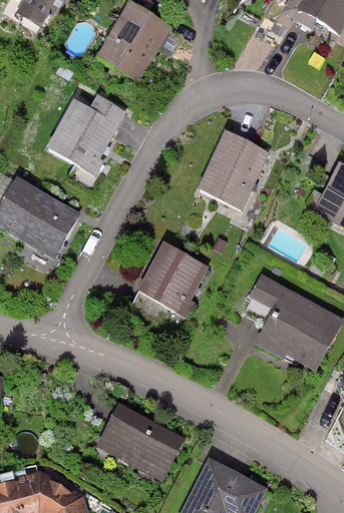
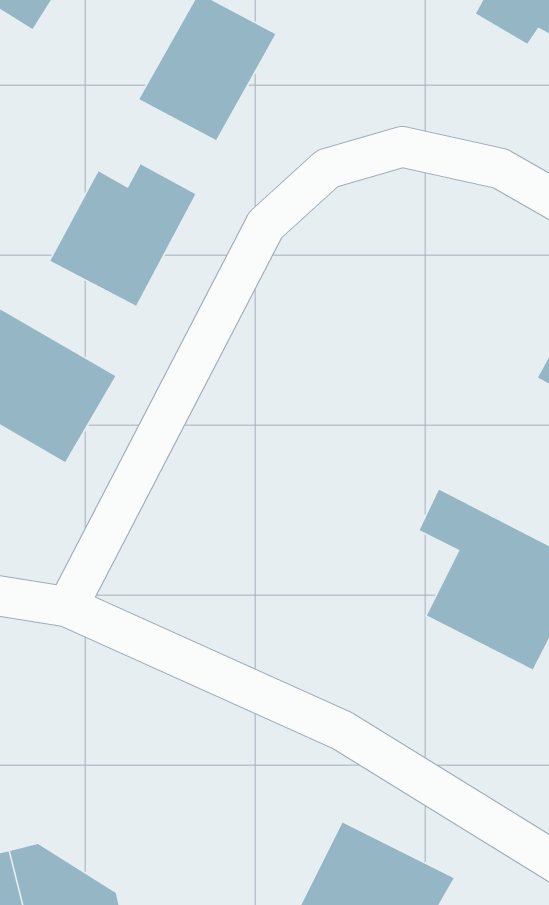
building: [197,131,268,209] -> none
building: [136,242,213,319] -> none
building: [95,403,185,482] -> none

